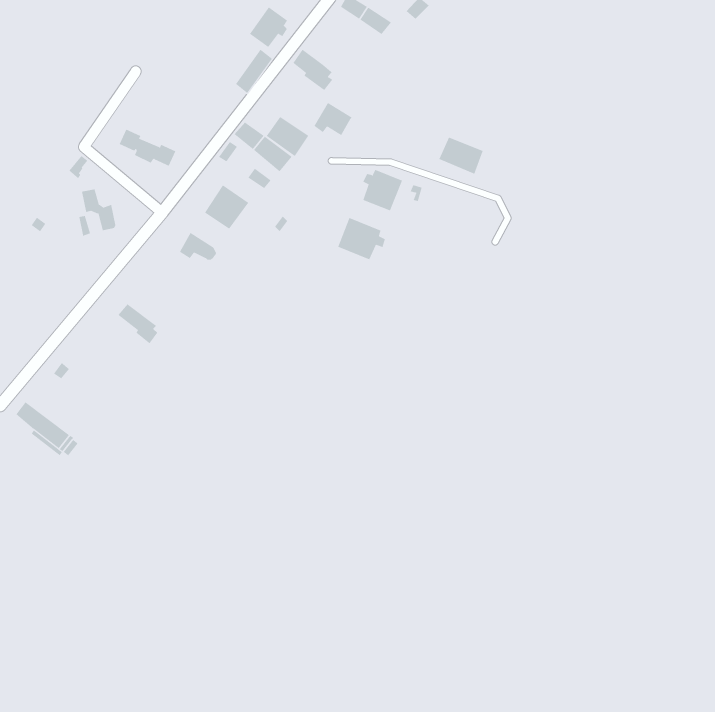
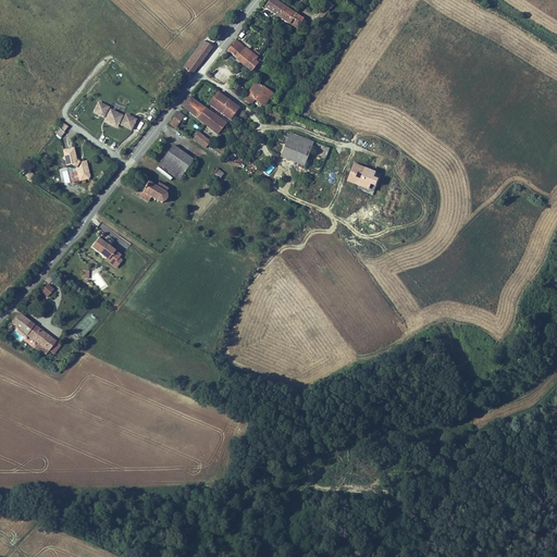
building: [249,6,288,48] -> none
building: [439,137,483,175] -> [347,162,382,191]
building: [337,217,385,260] -> none

